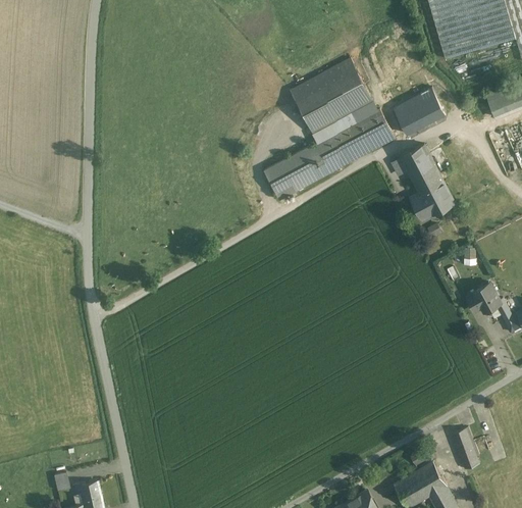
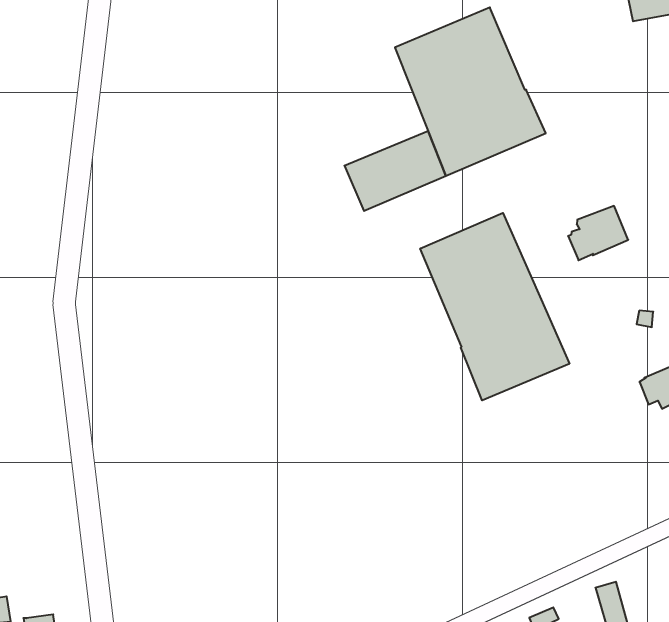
building: [394,89,445,134] -> none
building: [401,145,443,193] -> none
building: none -> [420,213,569,400]

